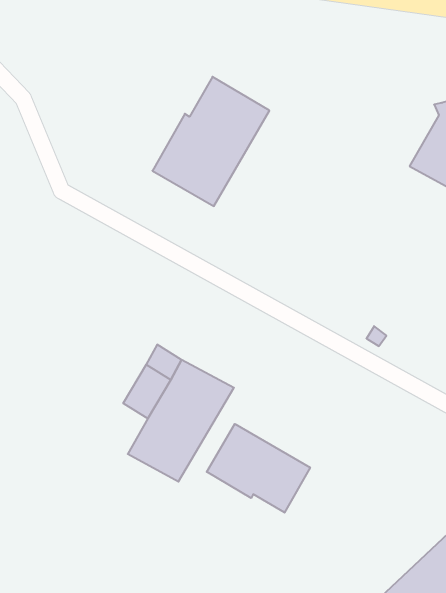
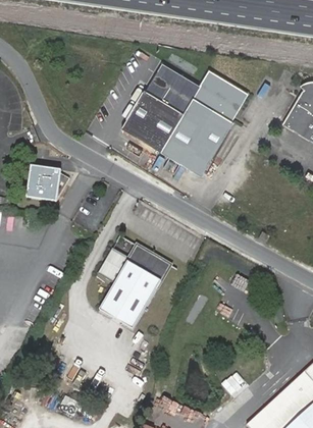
building: none -> [156,71,240,174]
building: none -> [29,166,70,202]
building: [207,424,310,513] -> none

